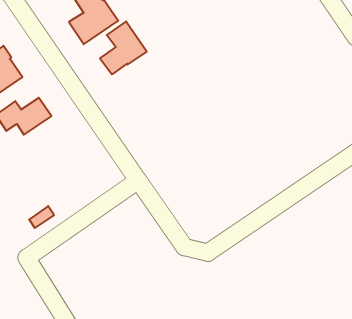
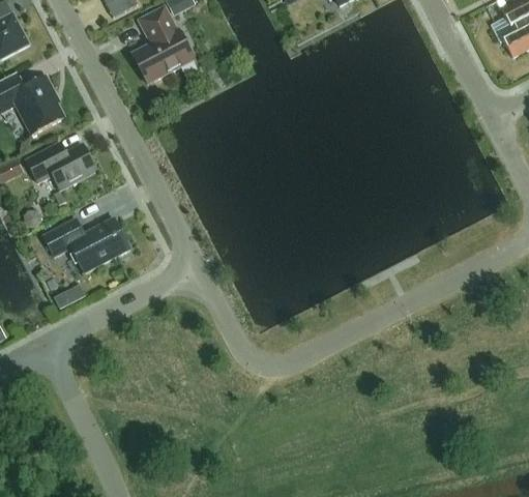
building: [100,21,147,74] -> none
building: none -> [42,216,129,271]

